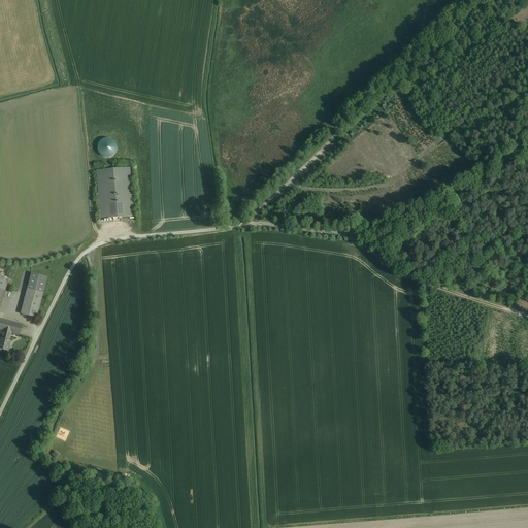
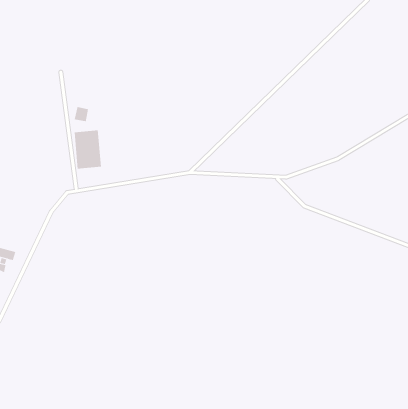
building: [19,272,45,317] -> none

